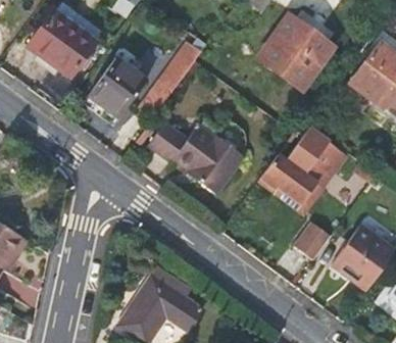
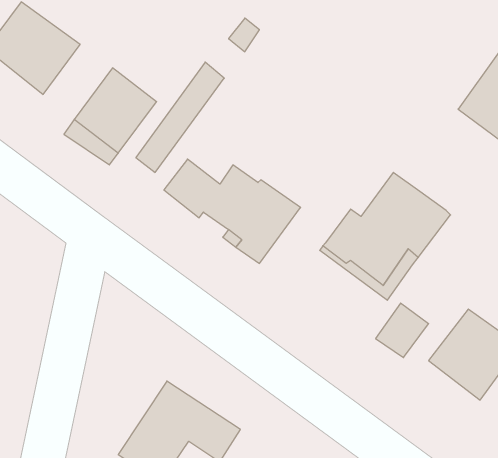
building: [258,15,333,89] -> none

